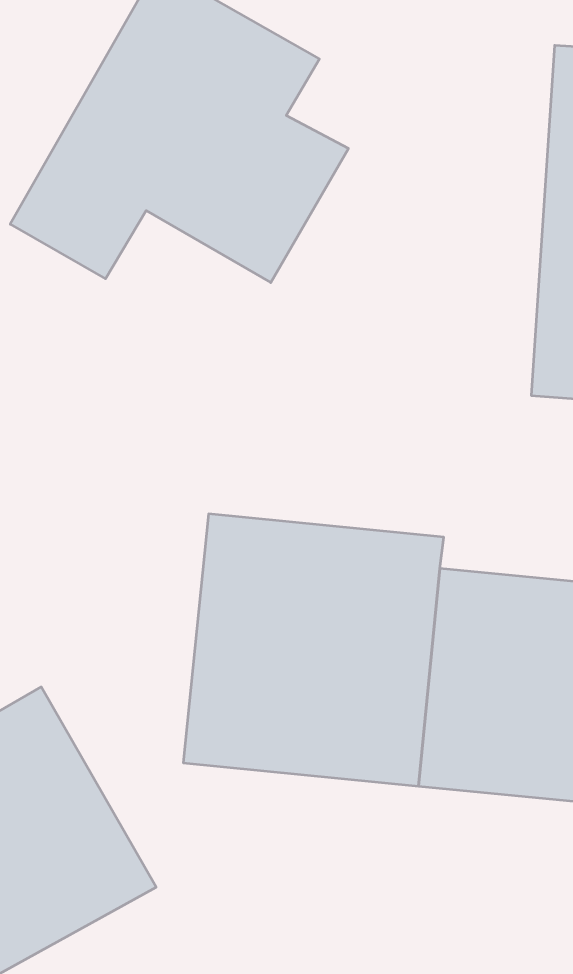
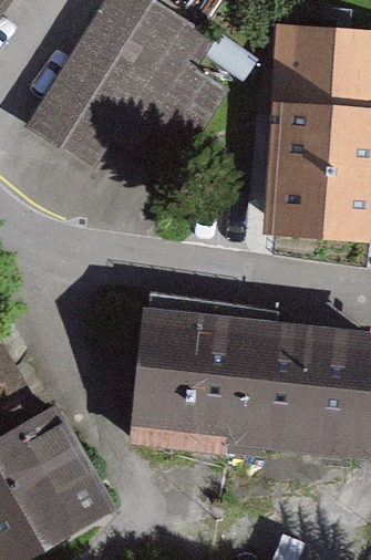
building: none -> [257,24,341,228]

